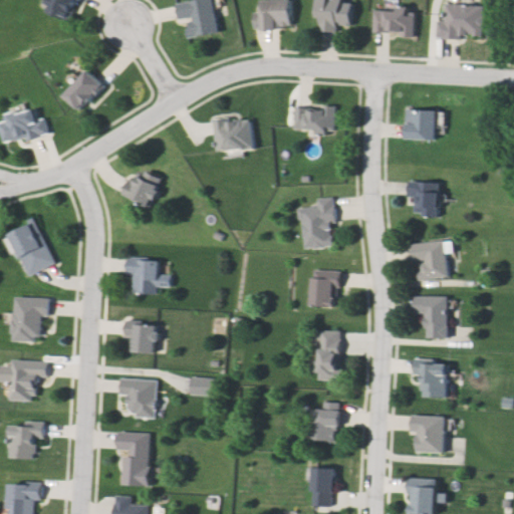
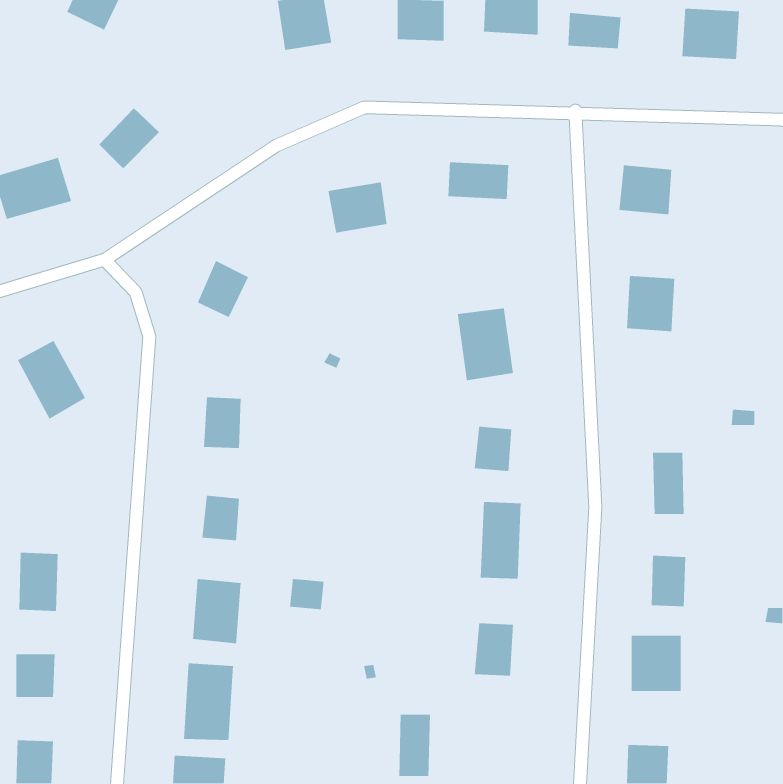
building: [414,237,449,279] -> none
building: [13,296,47,341] -> none
building: [312,466,333,507] -> [398,714,431,777]

